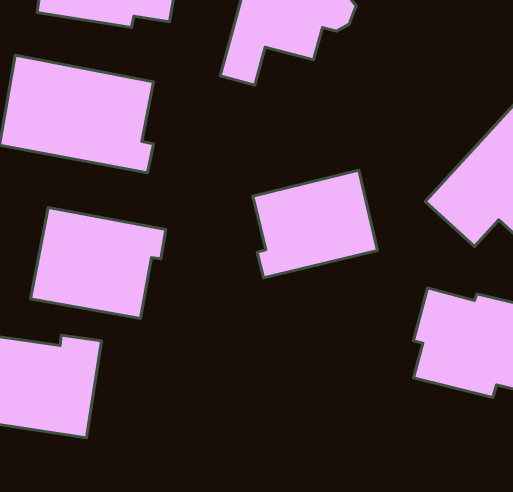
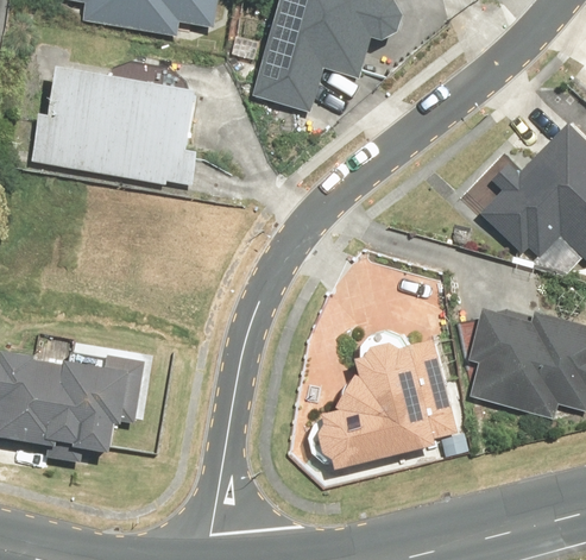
building: [253,170,378,278] -> none
building: [31,208,166,318] -> none
building: none -> [323,334,455,466]

